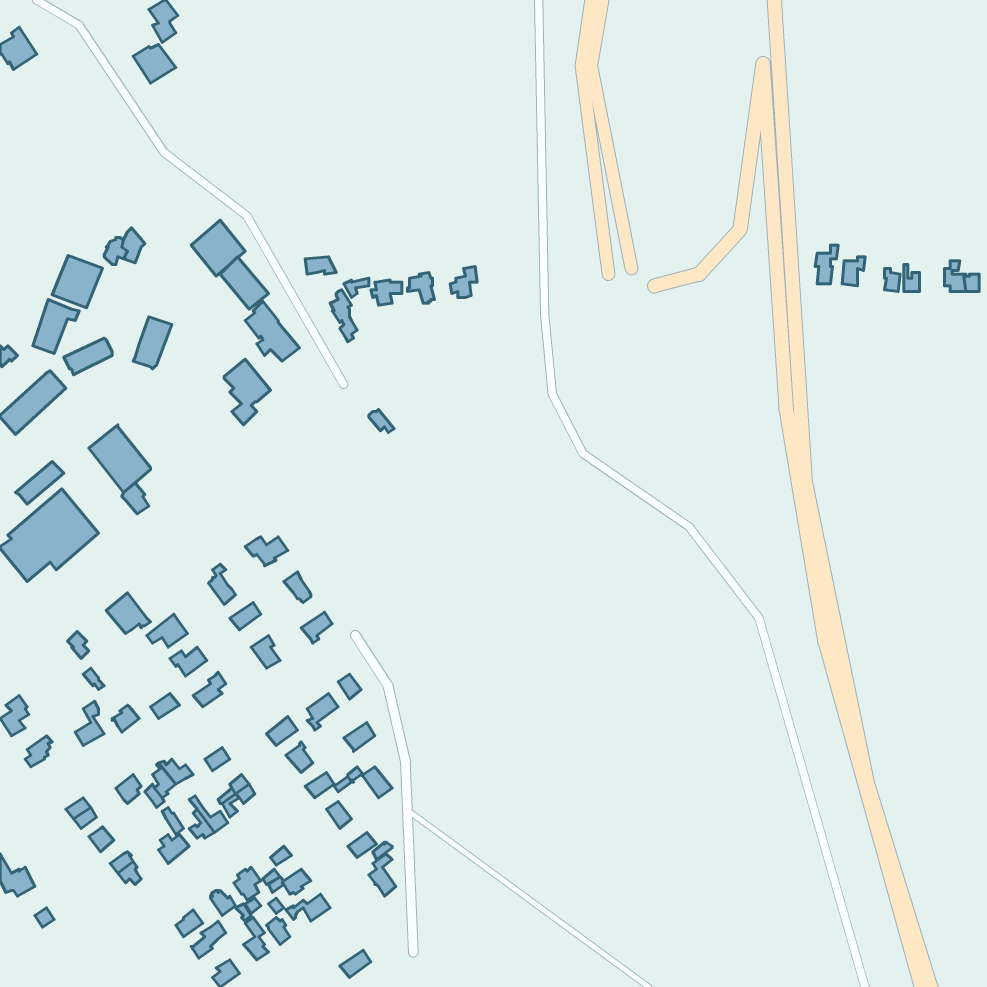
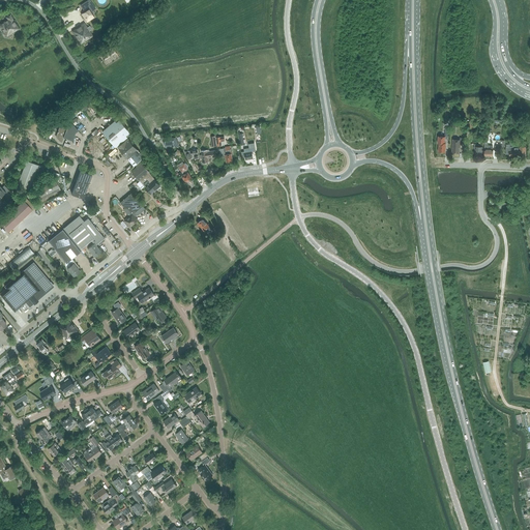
building: [52,255,103,308] -> none
building: none -> [63,215,105,256]

